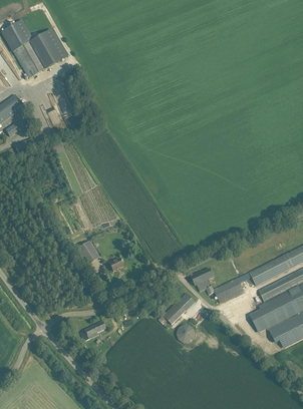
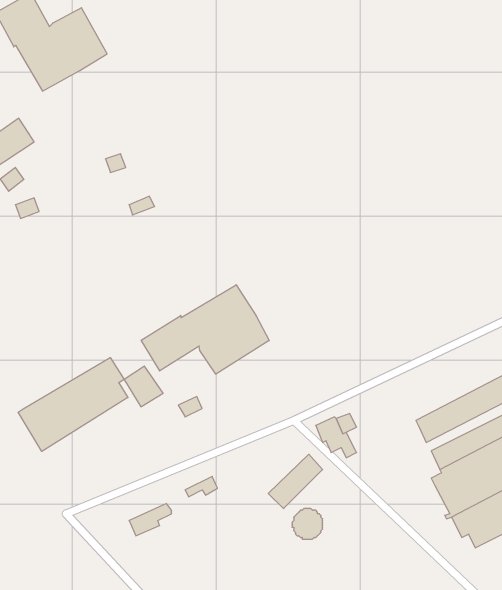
building: none -> [141,285,269,374]
building: none -> [18,358,128,451]
building: [213,278,243,303] -> none

